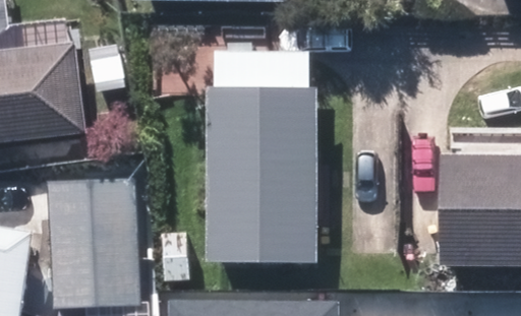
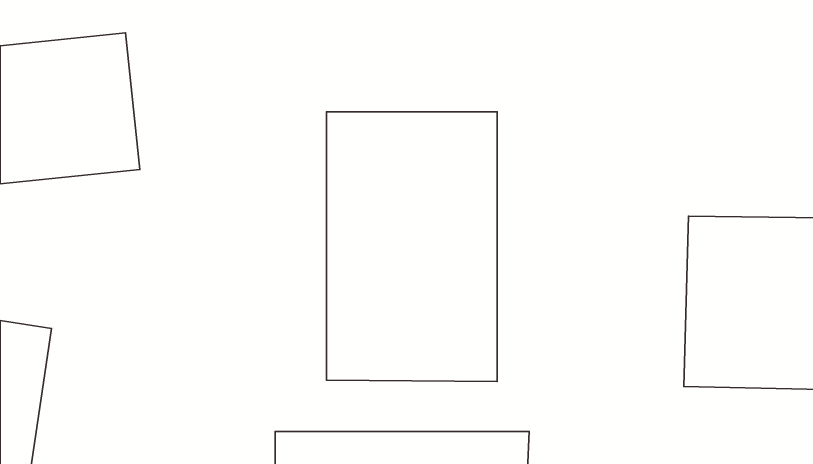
building: [49,176,144,307] -> none

